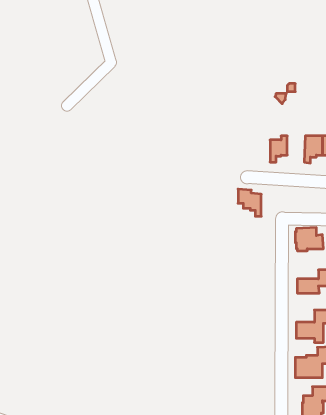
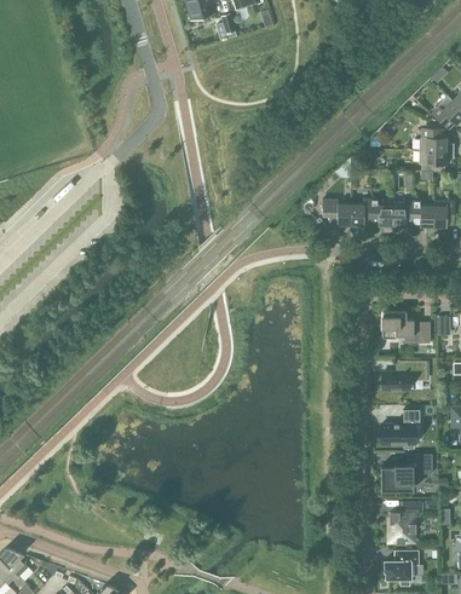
building: none -> [371,201,393,232]
building: [238,189,261,216] -> [323,200,351,232]

